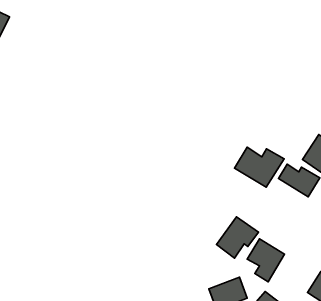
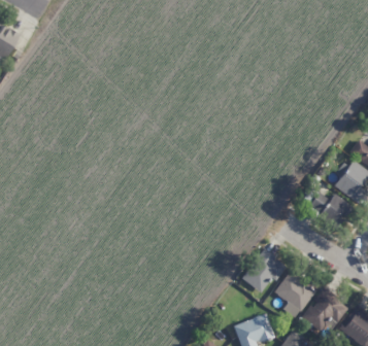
building: [235,147,284,187] -> none
building: none -> [301,287,348,332]

